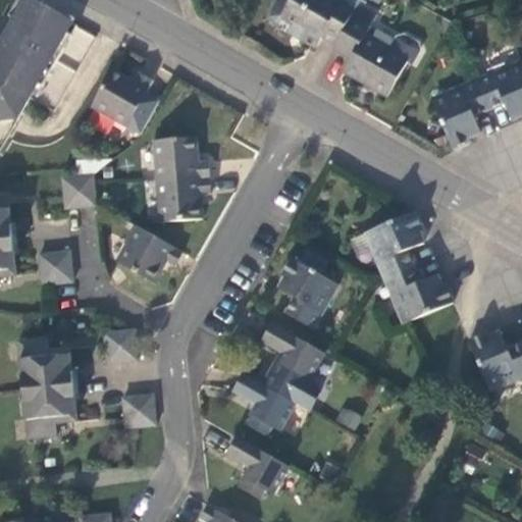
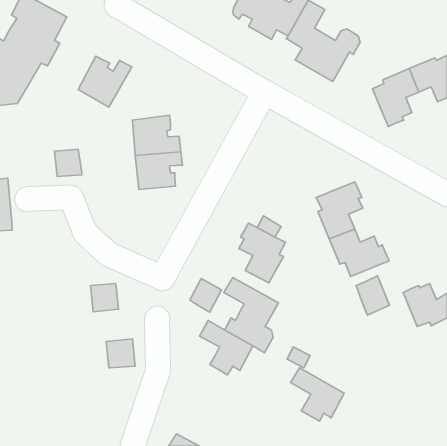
building: [115,223,182,281] -> none
building: [40,250,72,282] -> none
building: none -> [356,276,389,315]
building: none -> [190,279,222,312]
building: [18,335,76,438] -> none
building: [225,436,288,499] -> [291,368,344,421]

